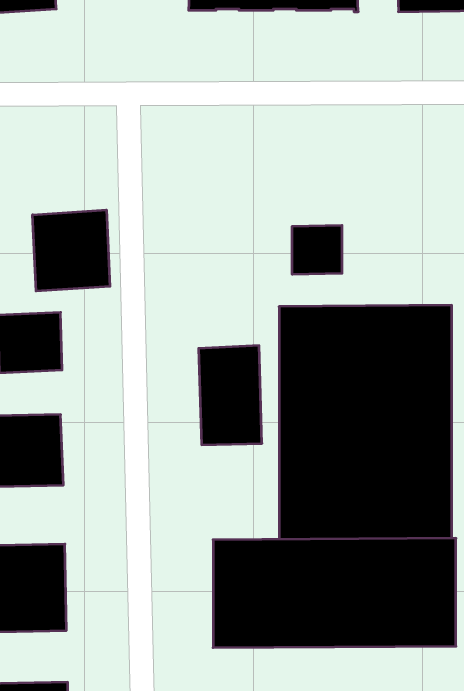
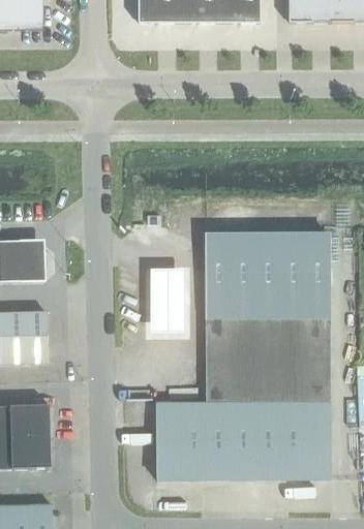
building: [33,210,110,291] -> none
building: [292,225,342,274] -> none

